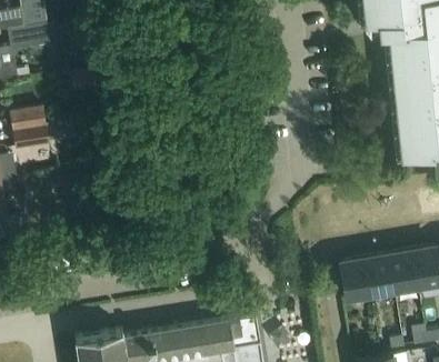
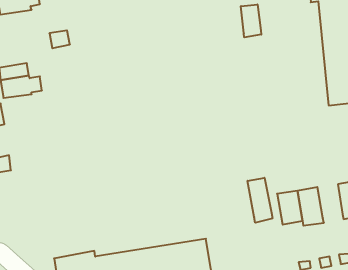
building: none -> [241,4,261,37]
building: none -> [248,178,272,223]
building: [388,251,418,291] -> none

